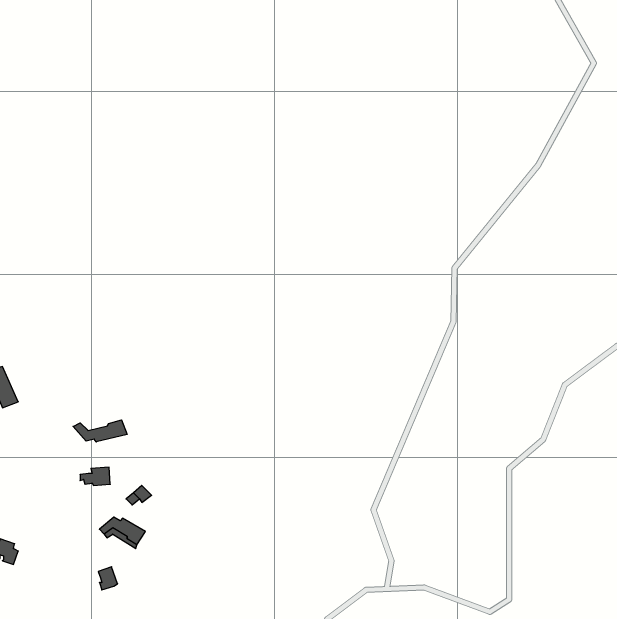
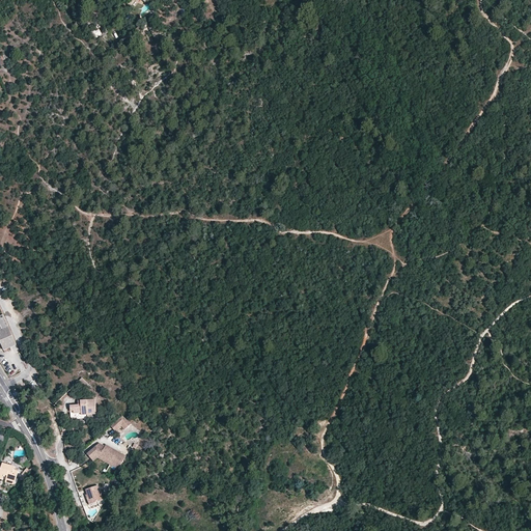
building: [73,420,127,442] -> none

